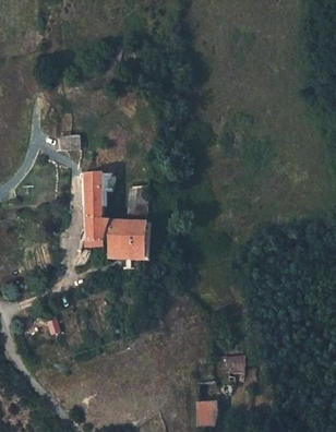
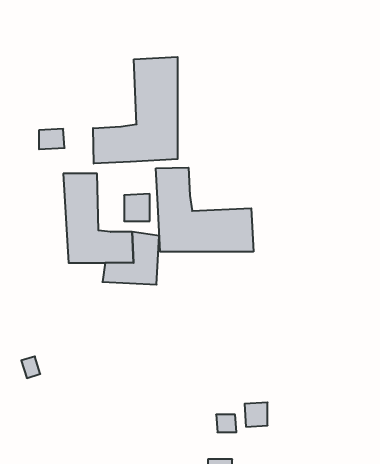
building: none -> [93,57,178,164]
building: none -> [156,168,253,252]

